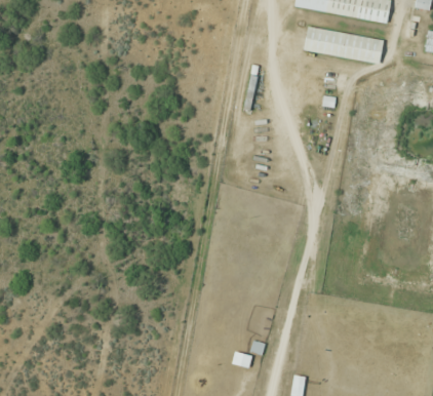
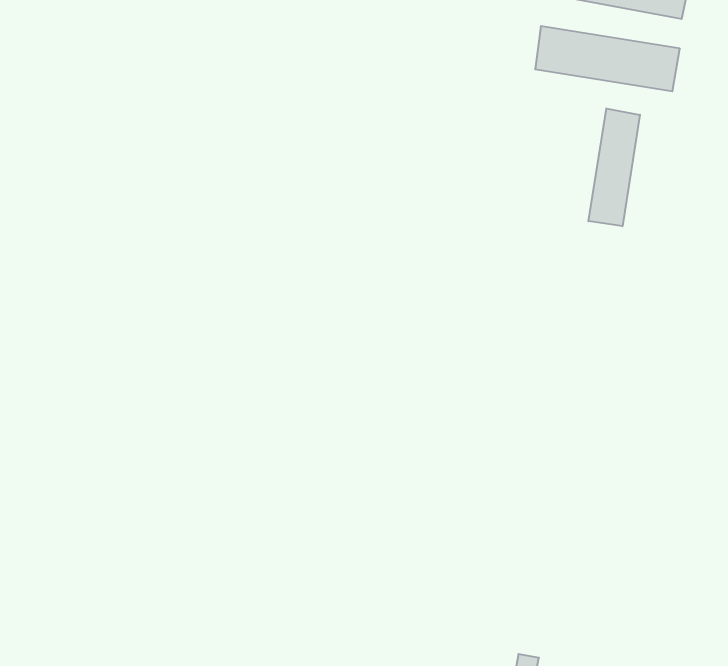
building: none -> [588,108,640,226]

